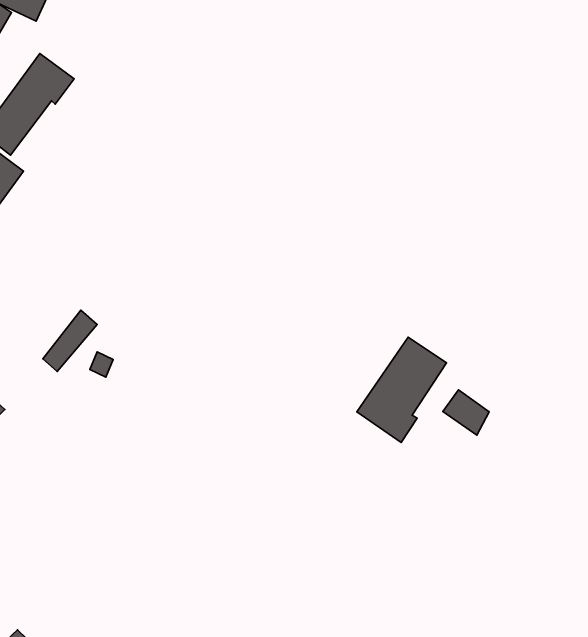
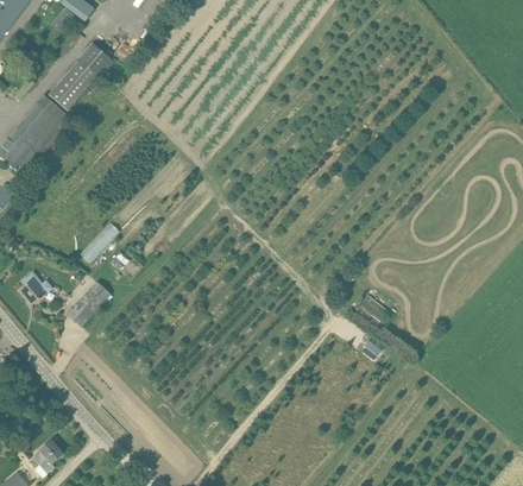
building: [357,337,447,442] -> none
building: none -> [67,280,113,326]

